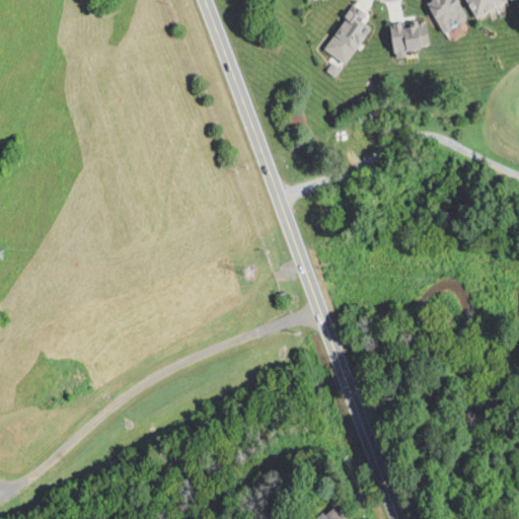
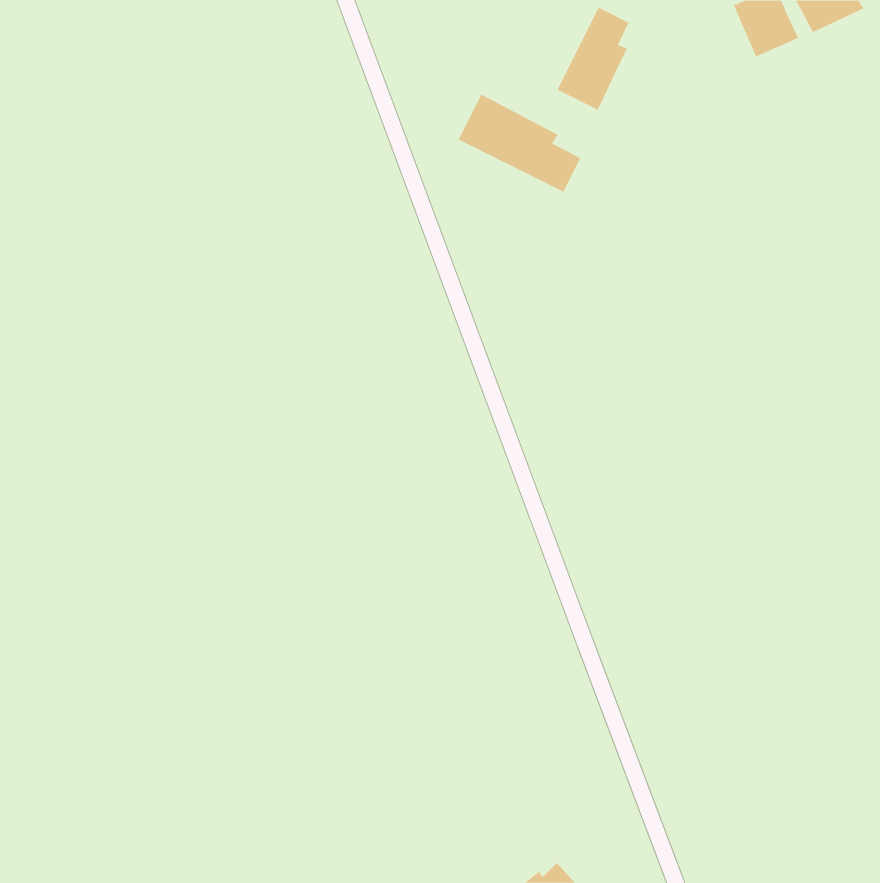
building: [381,22,426,60] -> none
building: none -> [458,94,581,193]

